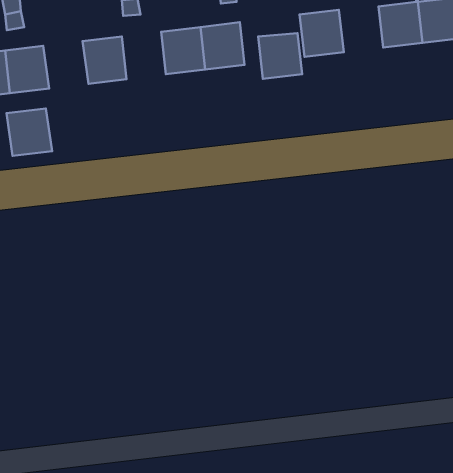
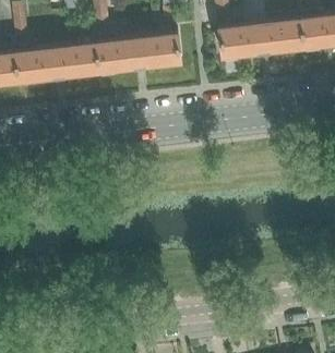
building: none -> [97,38,128,71]
building: [258,33,302,79] -> [248,21,278,52]
building: [6,109,52,156] -> [43,45,74,77]

